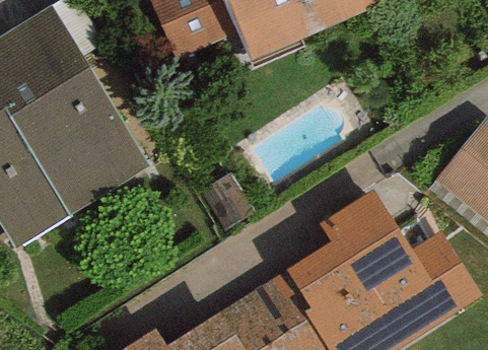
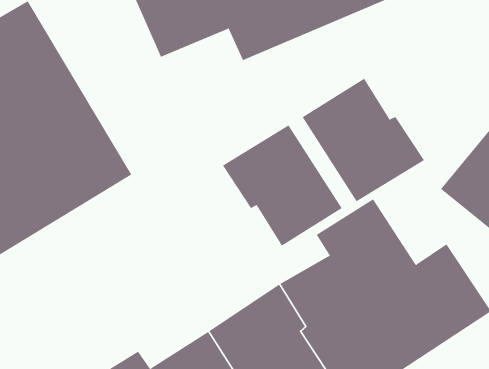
building: none -> [302,78,425,202]
building: none -> [222,124,343,247]

